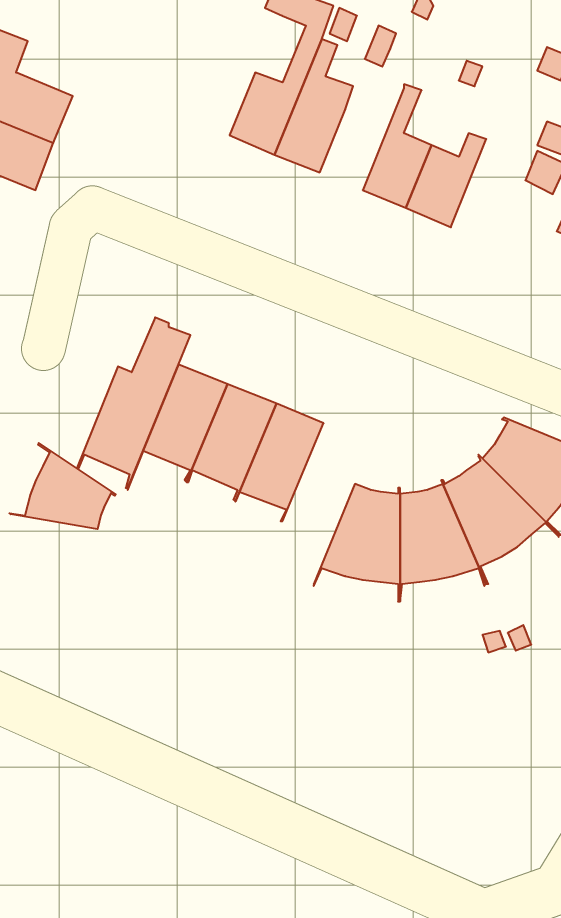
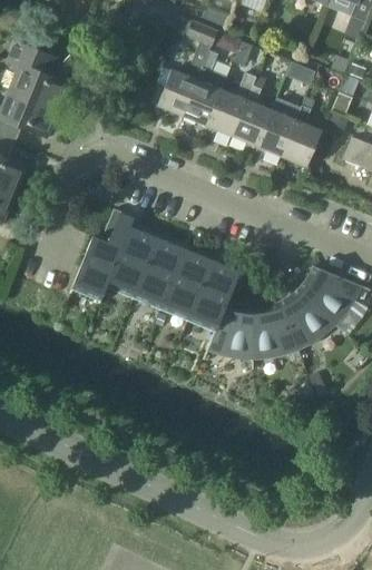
building: none -> [207,75,255,136]
building: none -> [282,98,322,167]
building: none -> [186,268,237,360]
building: [9,443,116,529] -> none

